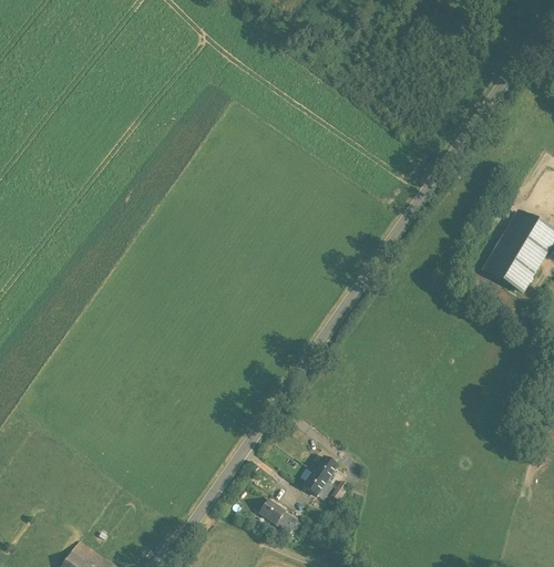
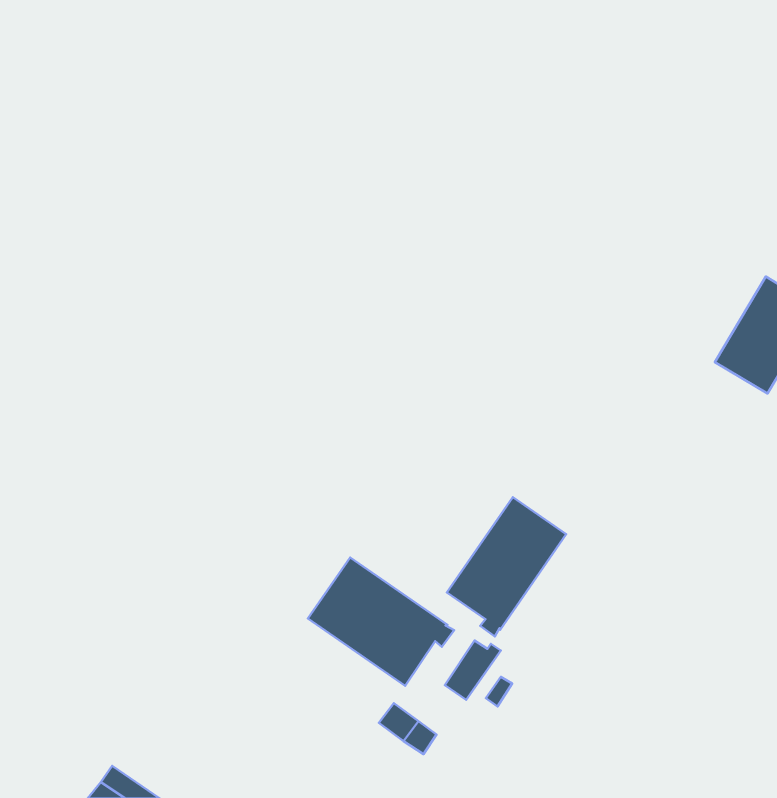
building: none -> [447,497,566,636]
building: none -> [308,557,454,686]

